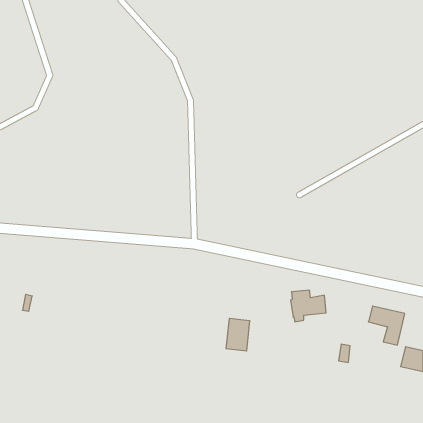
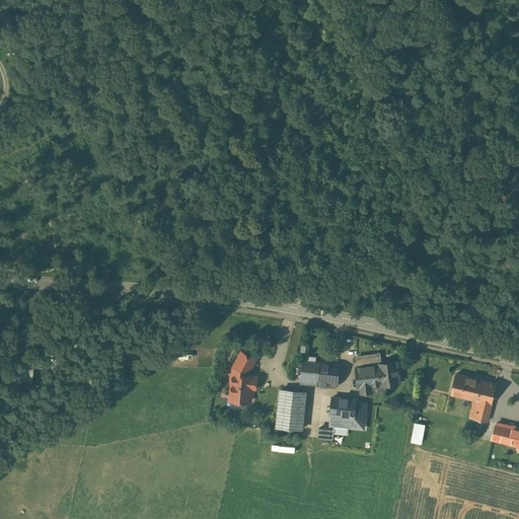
building: none -> [230,353,256,402]
building: none -> [301,363,339,387]
building: none -> [329,398,366,430]

